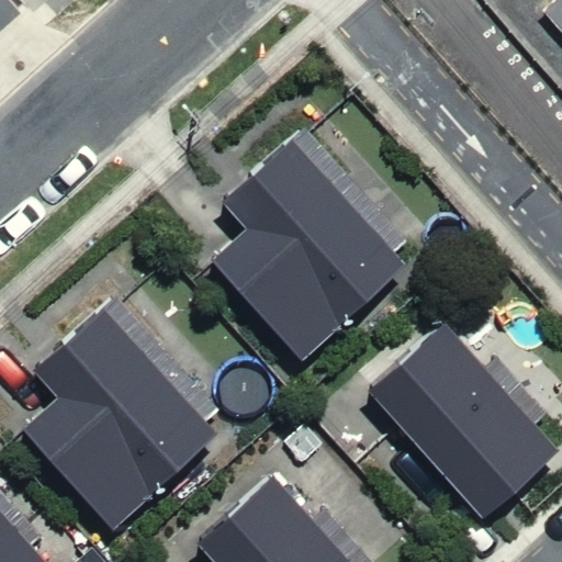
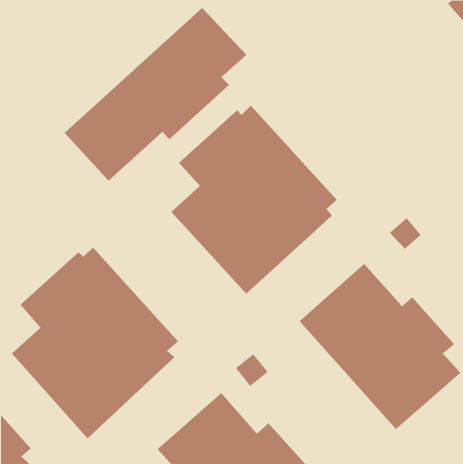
building: none -> [64,7,247,181]

